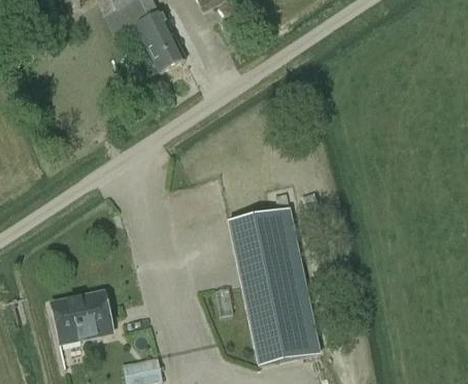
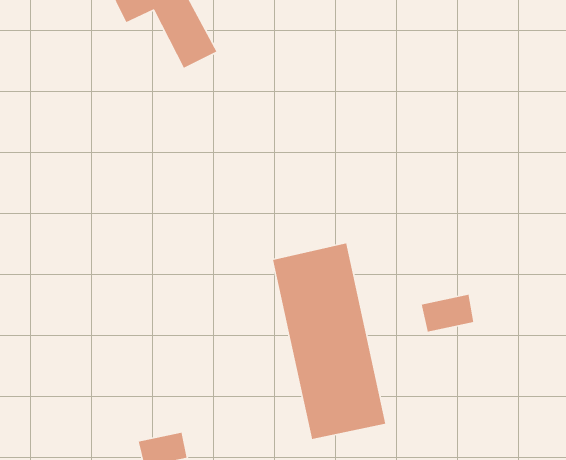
building: none -> [421,294,474,333]
building: [51,290,111,342] -> none

